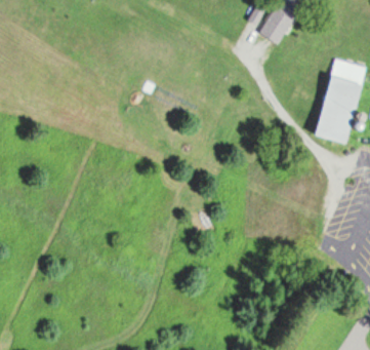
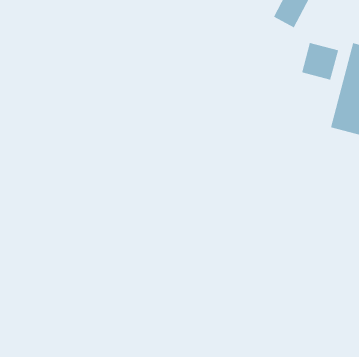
building: none -> [301,42,339,81]

